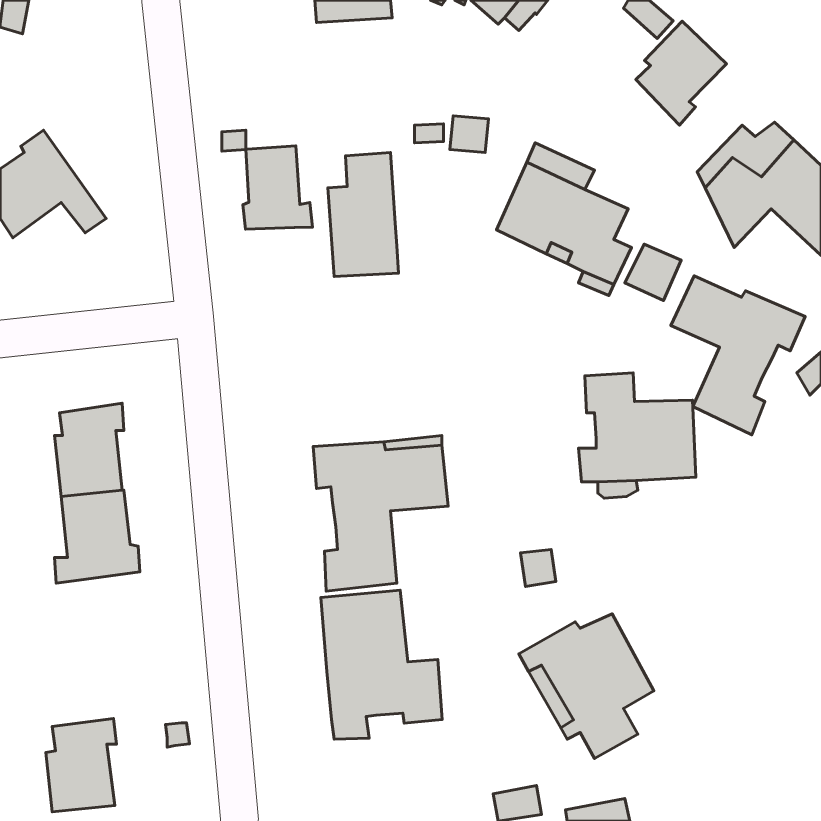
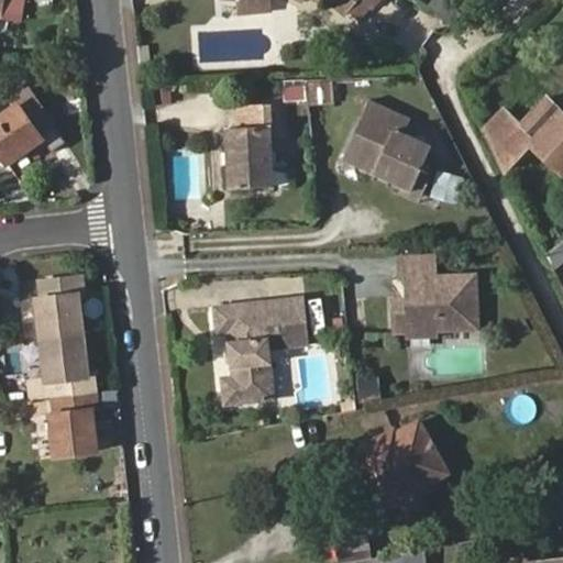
building: [636,21,726,125] -> none
building: [243,146,312,229] -> none
building: [671,276,805,435] -> none
building: [321,590,442,739] -> none
building: [46,719,117,812] -> [49,391,98,455]

